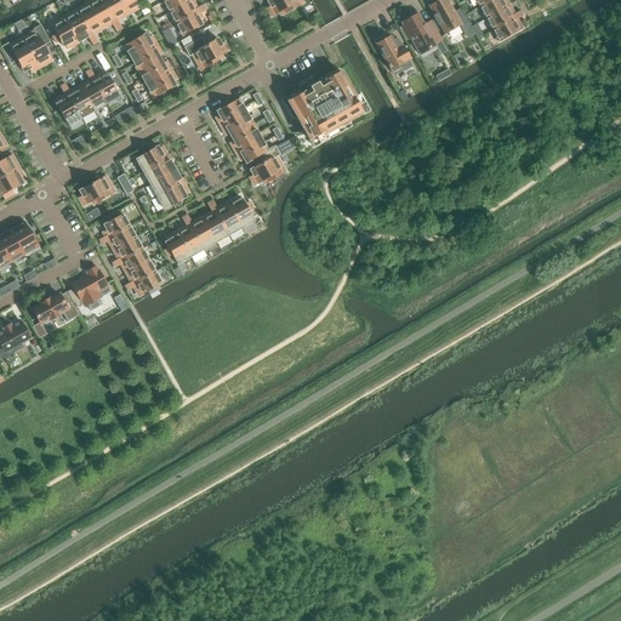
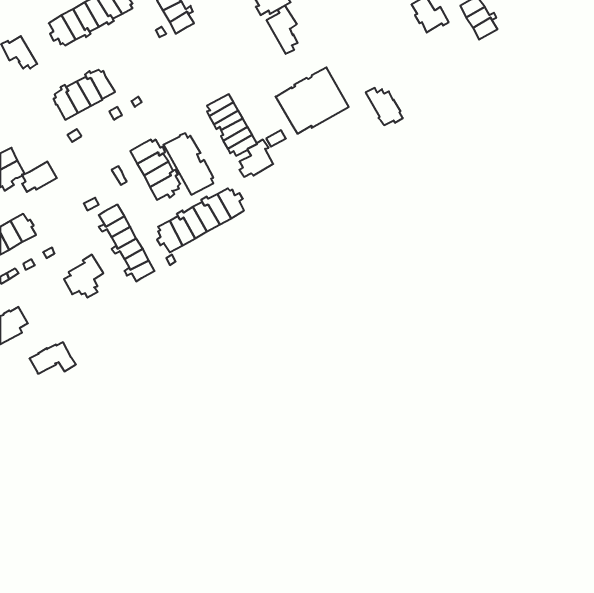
building: none -> [267,5,298,54]
building: [400,13,441,55] -> none
building: [22,24,52,67] -> none
building: [124,33,176,97] -> [163,133,213,195]
building: [374,34,412,73] -> [366,88,403,125]
building: [181,36,229,69] -> none
building: [79,175,115,206] -> [22,162,57,192]
building: [32,291,80,324] -> [29,342,76,374]

